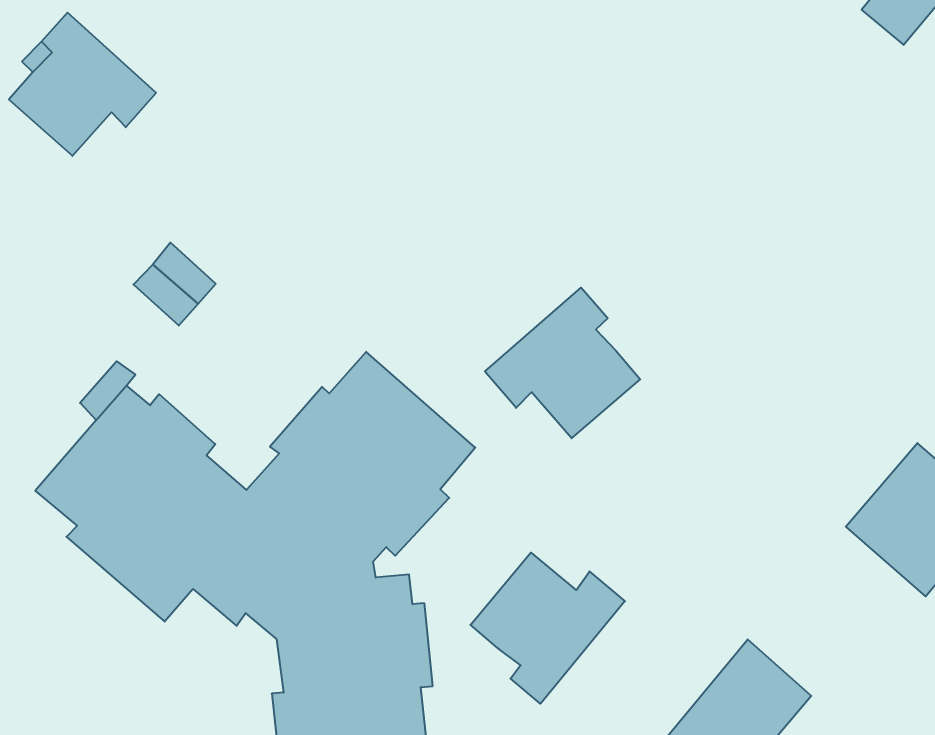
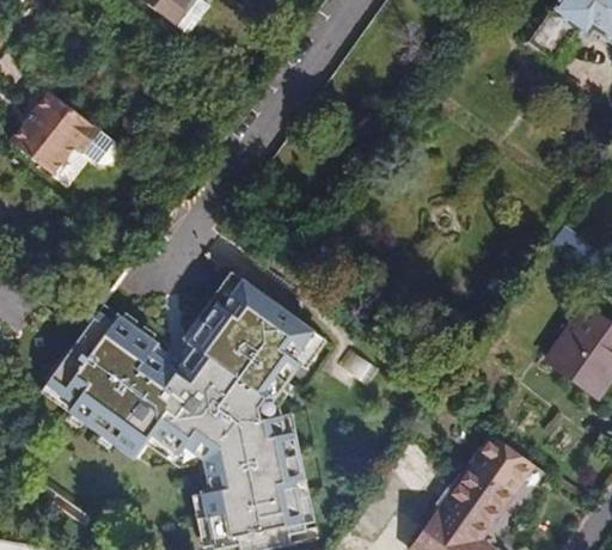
building: [485,288,640,438] -> none
building: [470,553,625,704] -> none

